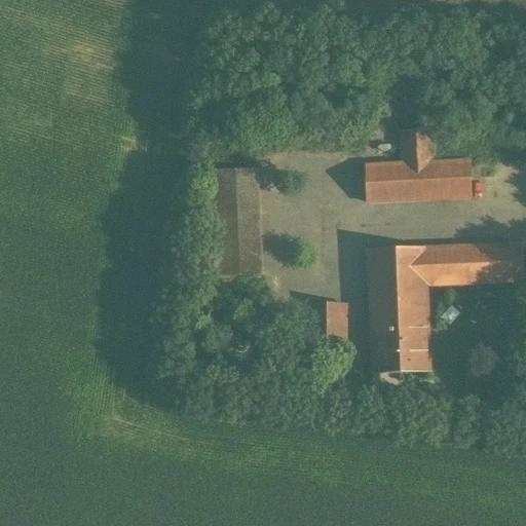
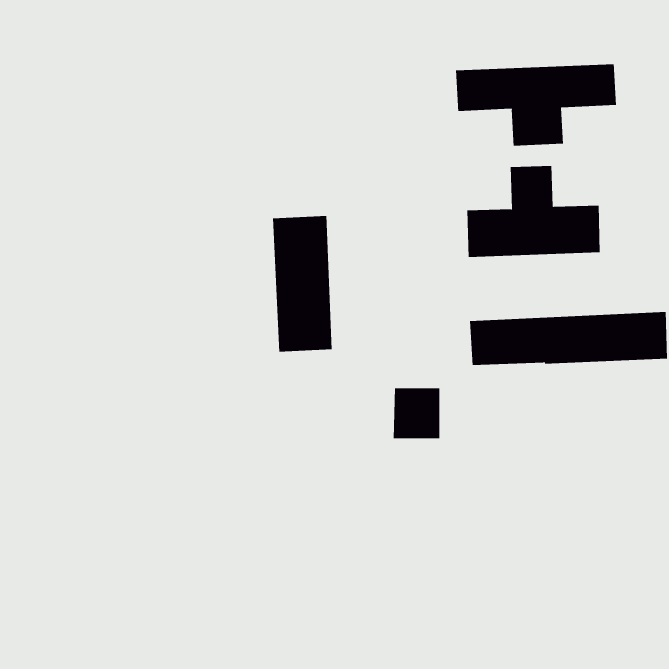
building: none -> [456,64,617,147]
building: [371,284,430,373] -> none

